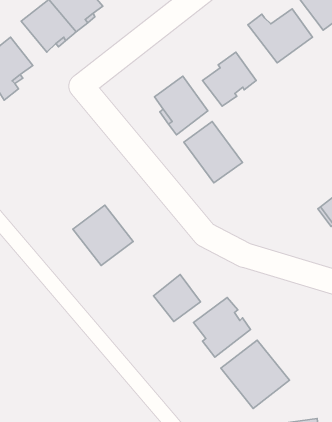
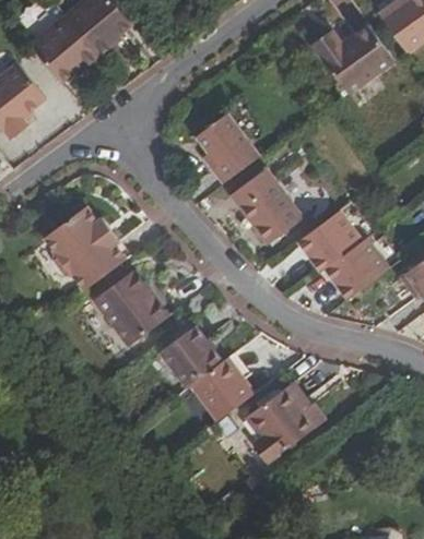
building: [202,52,256,106] -> none
building: none -> [45,206,127,291]
building: none -> [299,209,389,298]
building: none -> [160,325,221,386]
building: [221,340,289,408] -> none

